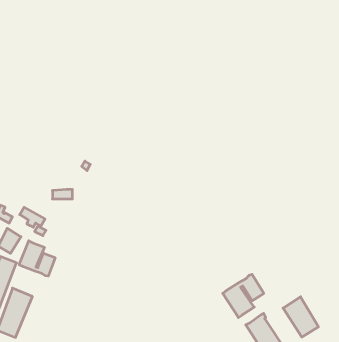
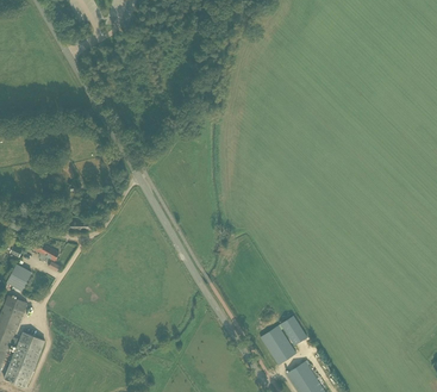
building: [19,241,55,276] -> none
building: [283,297,318,337] -> none

